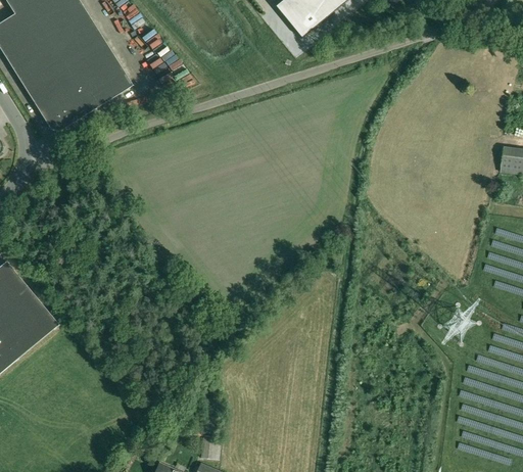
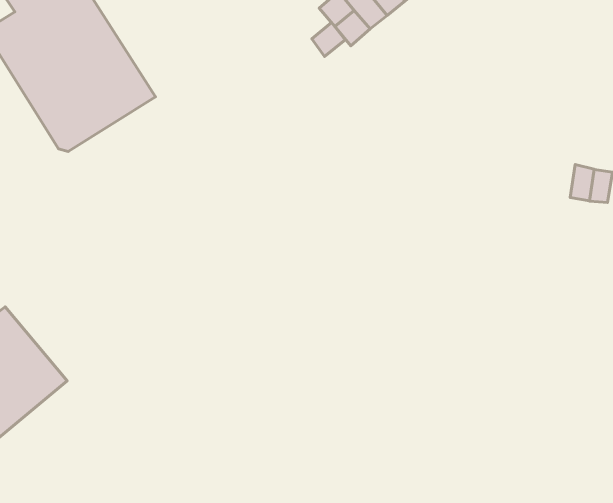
building: none -> [312,23,345,56]
building: none -> [570,165,594,201]

